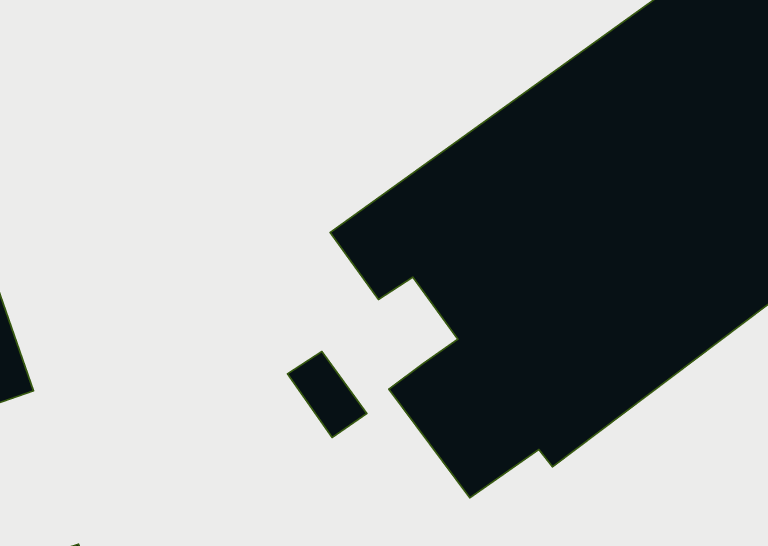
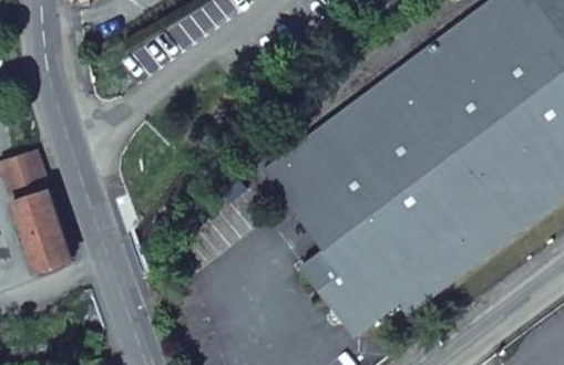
building: [287,352,367,438] -> [297,191,348,247]

